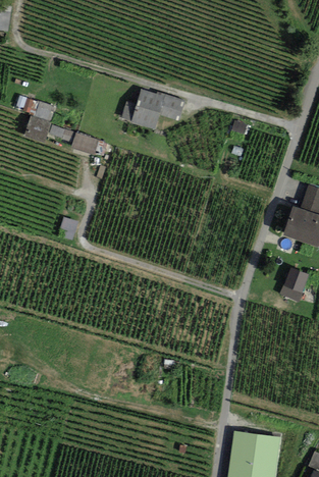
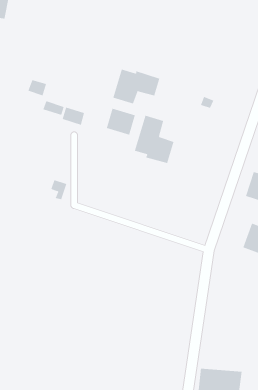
building: [24,116,51,143] -> none
building: none -> [106,108,135,135]
building: none -> [134,115,174,164]

